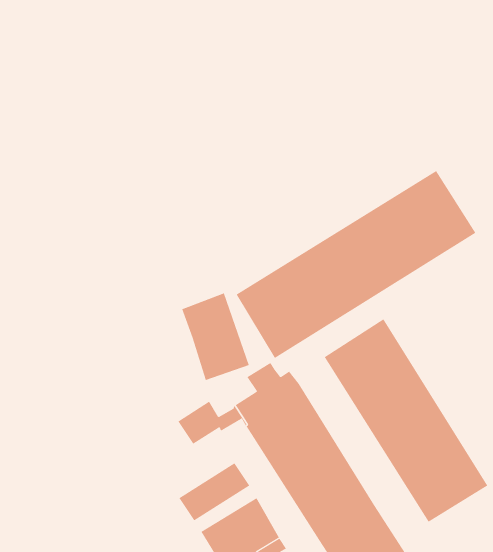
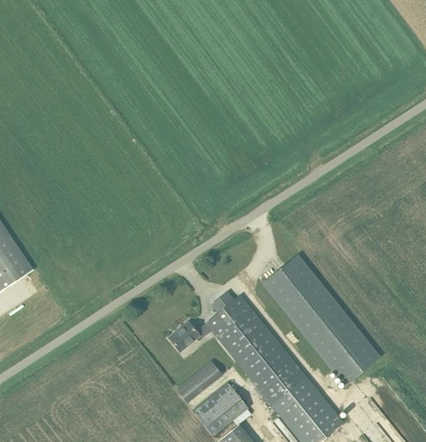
building: [236,170,476,359] -> none
building: [182,293,249,381] -> none

